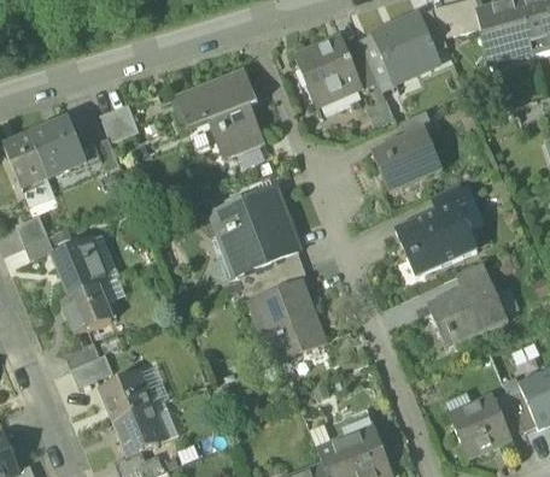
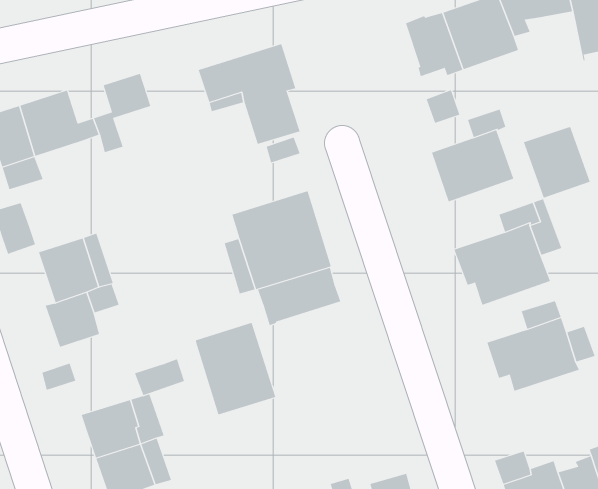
building: [296,37,358,100] -> none
building: none -> [523,126,590,199]
building: [256,281,326,359] -> [195,322,276,415]
building: [70,354,112,387] -> [134,359,185,396]

